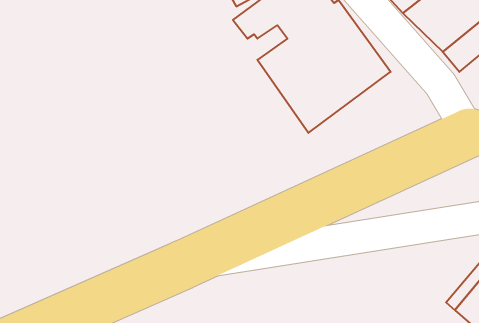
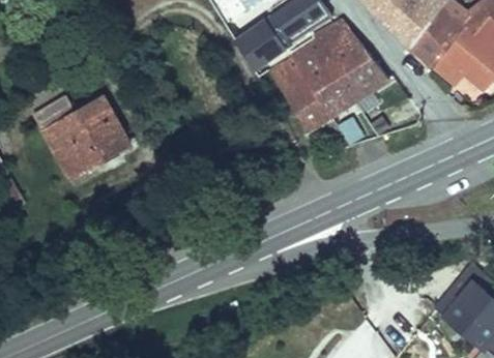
building: none -> [33,96,133,185]

